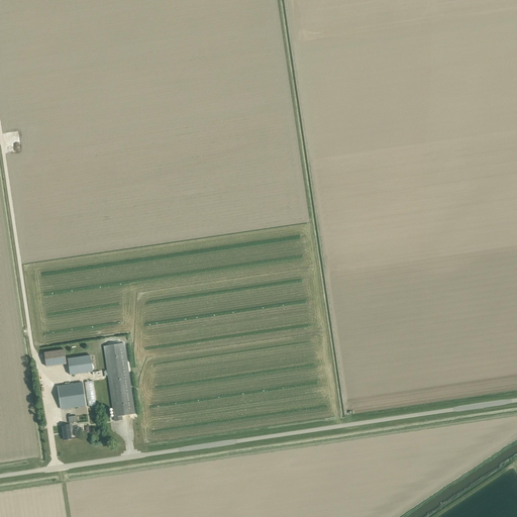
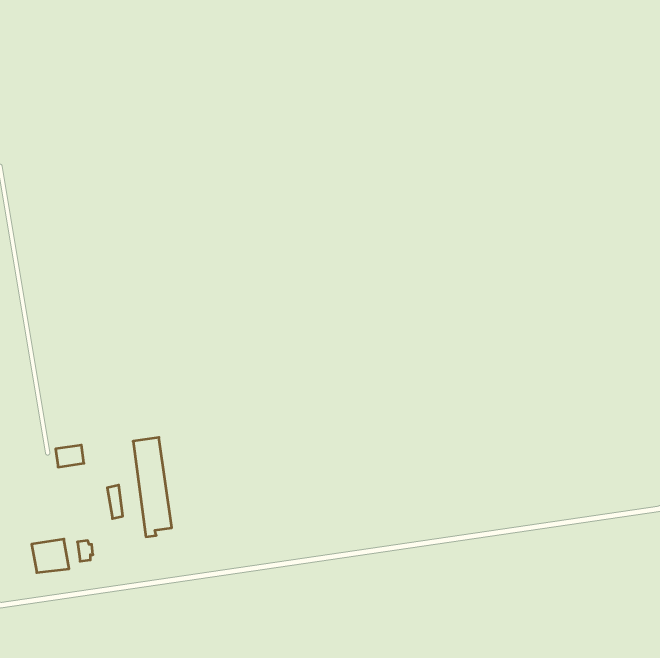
building: [67,354,92,374] -> none
building: [57,382,86,408] -> [32,539,69,573]

